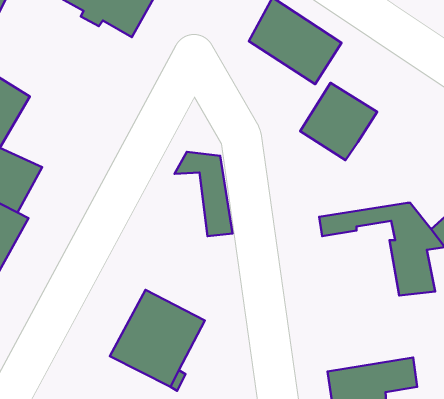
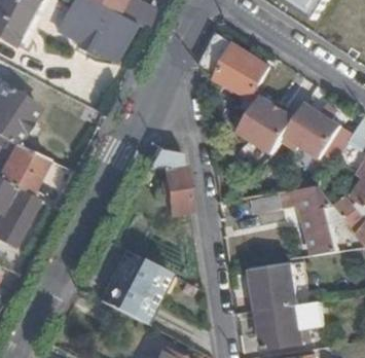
building: none -> [283,103,342,159]
building: none -> [254,263,298,312]

